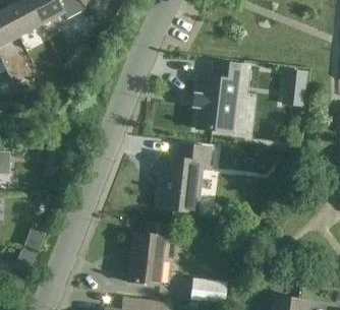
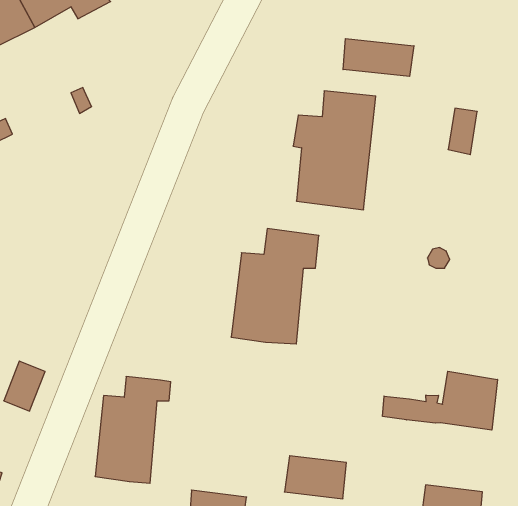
building: none -> [343,39,414,76]
building: [128,222,173,285] -> [95,377,171,483]
building: none -> [383,371,497,430]

